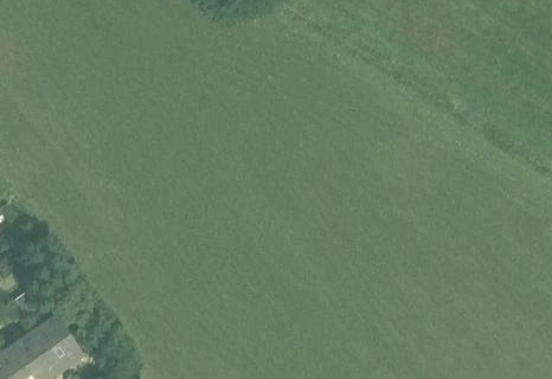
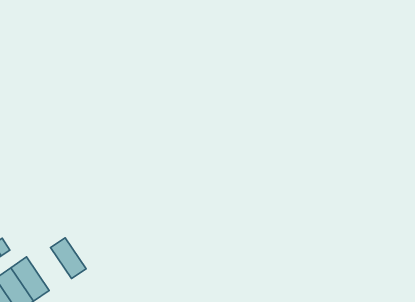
building: none -> [51,238,86,278]

